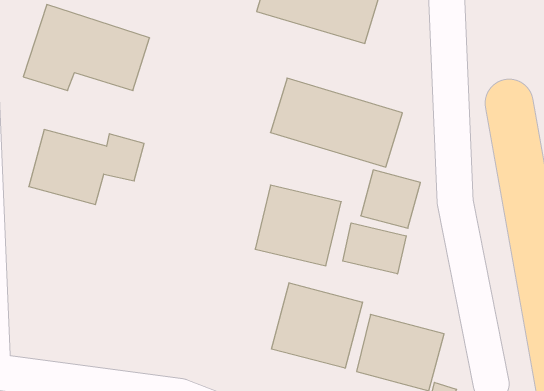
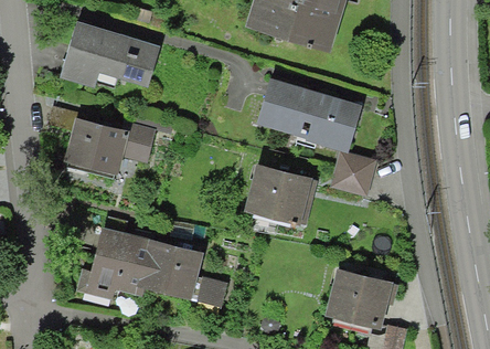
building: [343,223,406,274] -> none
building: none -> [83,222,224,300]
building: [272,283,363,368] -> none

